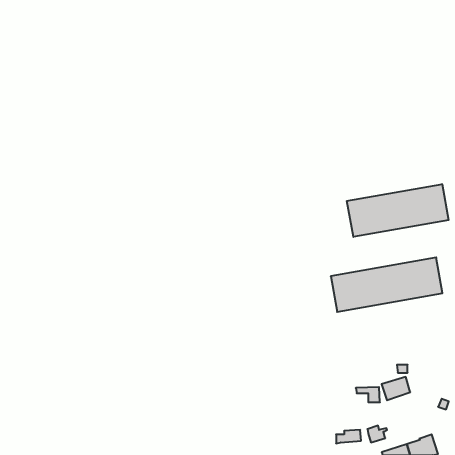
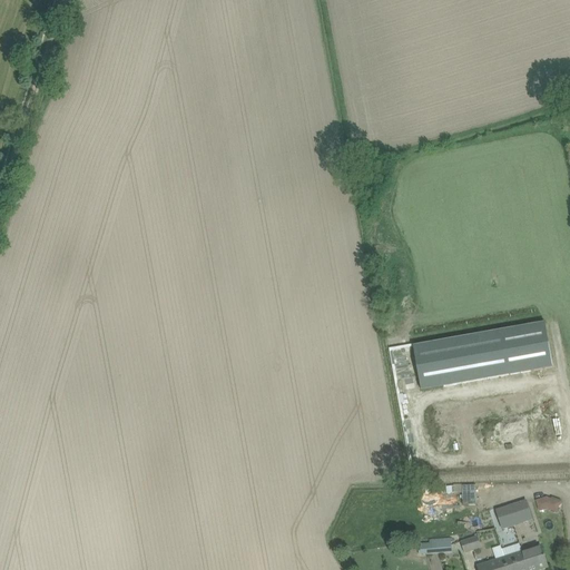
building: [347,184,449,237] -> none
building: [382,377,410,400] -> [494,499,530,528]

